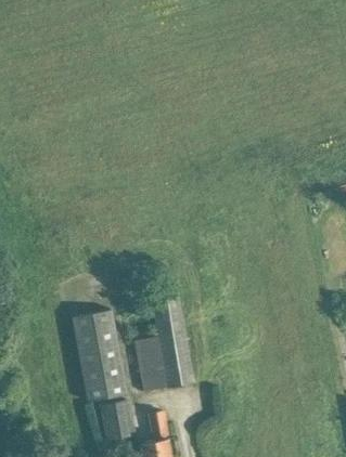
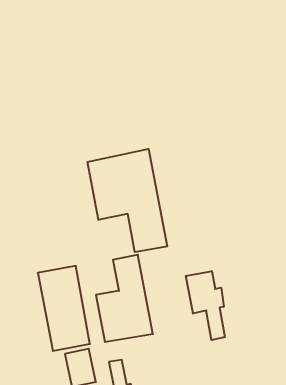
building: none -> [88,149,167,252]
building: none -> [186,271,225,340]

